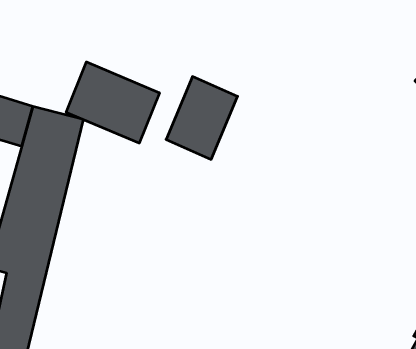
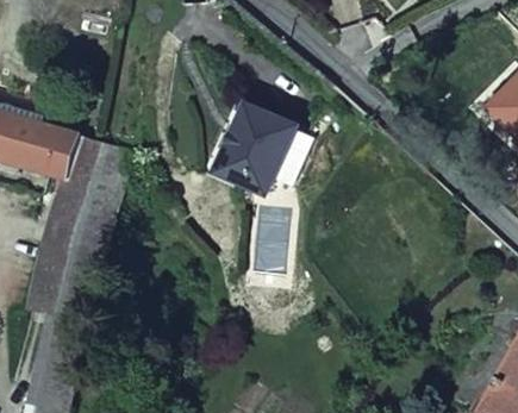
building: [66,62,159,143] -> none

